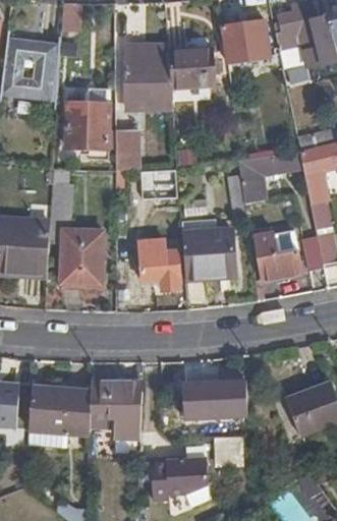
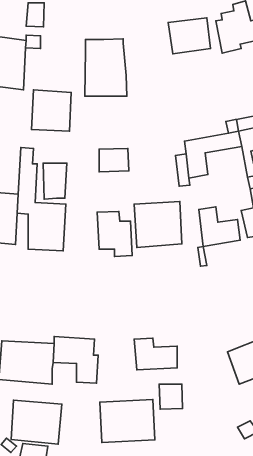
building: [170,49,213,86] -> none
building: [115,130,142,171] -> [43,163,67,199]
building: none -> [11,400,62,444]

